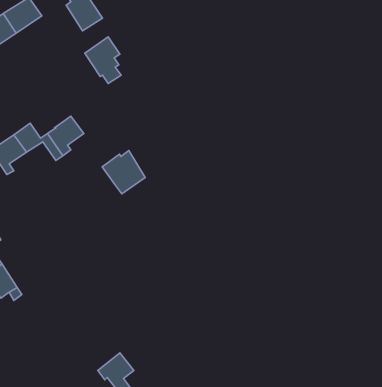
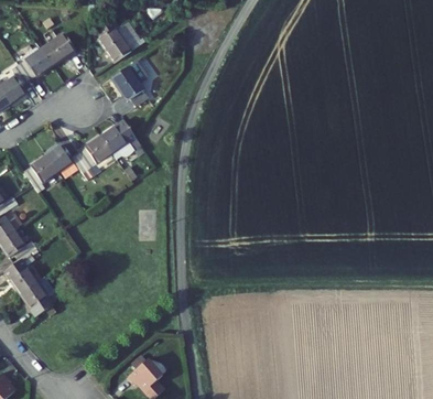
building: [102,151,145,194] -> [101,126,142,166]

